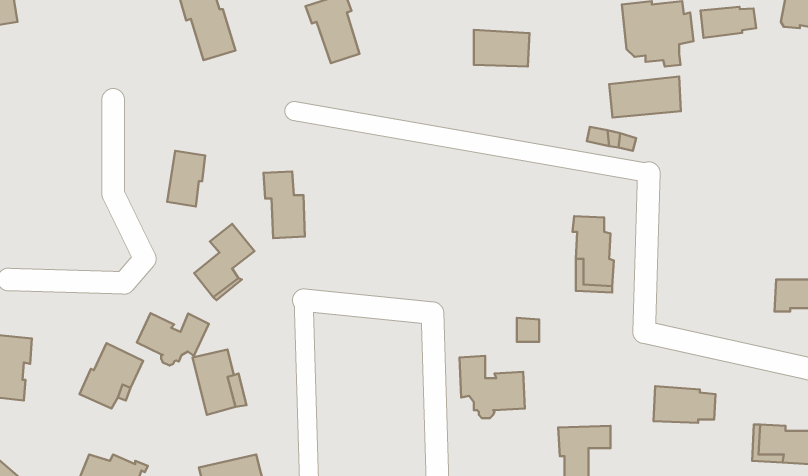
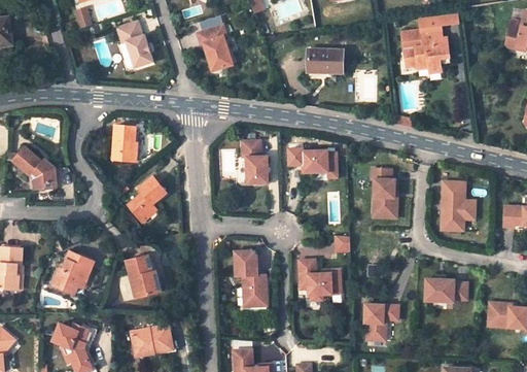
building: [700,7,756,38] -> none
building: [609,76,681,117] -> none
building: [264,171,305,238] -> [241,141,268,184]
building: none -> [11,146,54,190]
building: none -> [288,148,338,177]
building: none -> [447,184,481,234]
building: [137,313,209,365] -> none
building: none -> [234,250,267,307]

